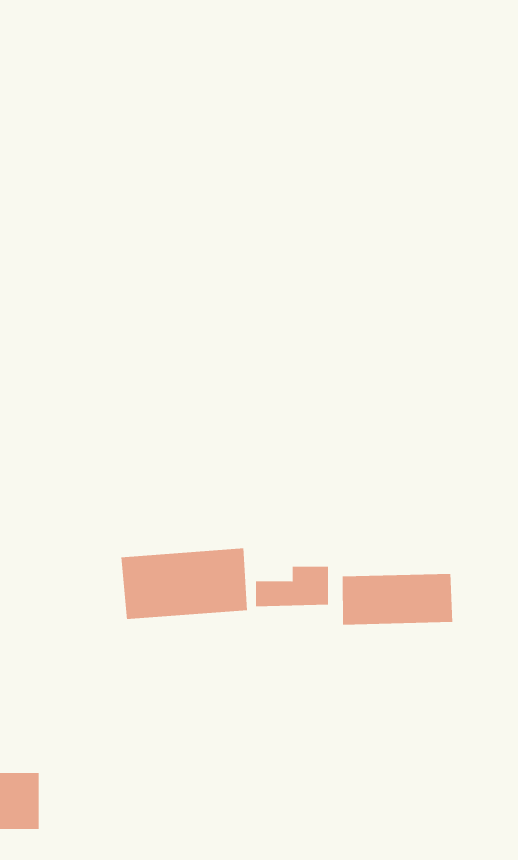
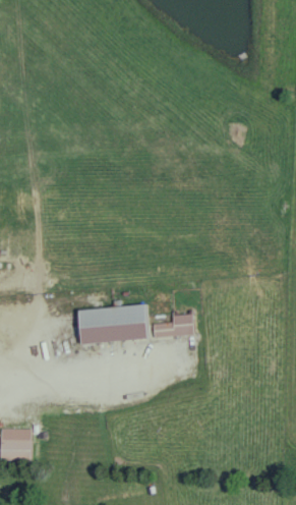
building: [342,573,453,625] -> none

